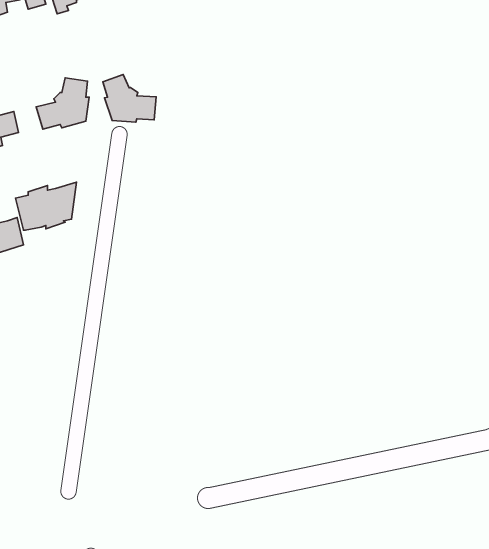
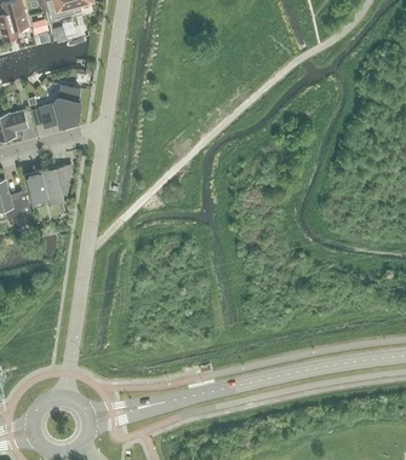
building: [103,75,156,122] -> none

